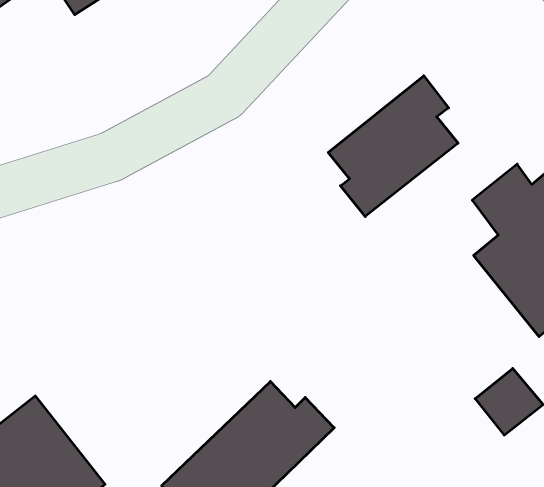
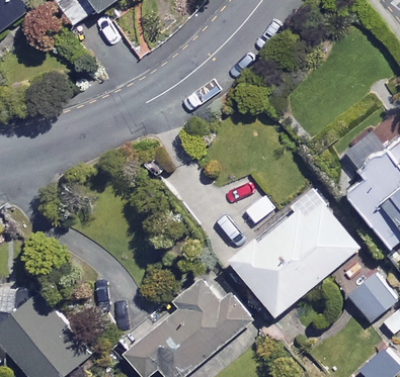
building: [328,76,458,217] -> none
building: none -> [231,203,358,314]

